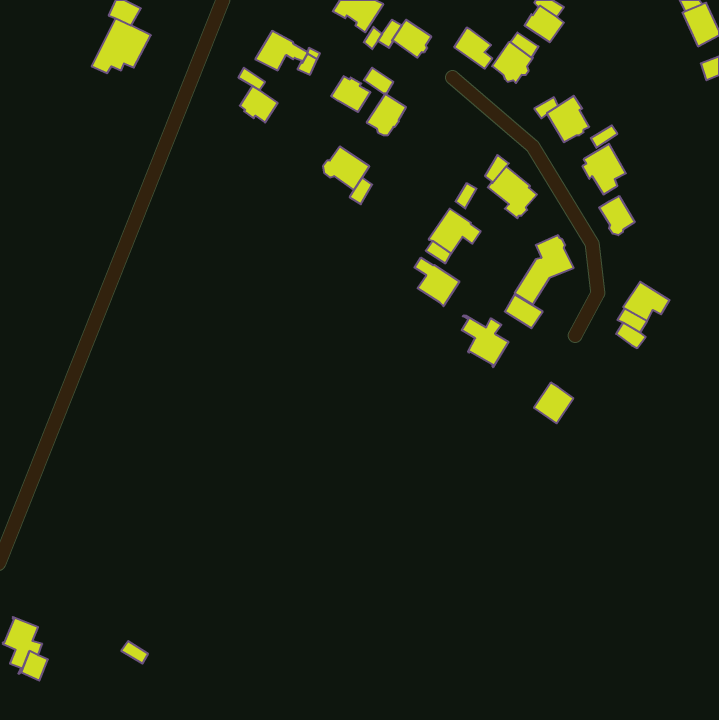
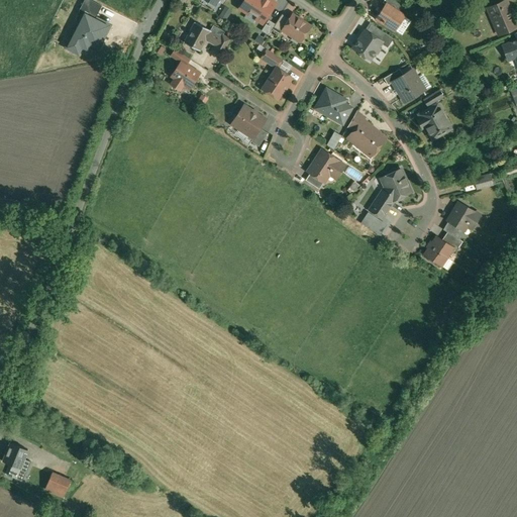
building: [454,27,492,69] -> none
building: [331,76,370,112] -> none
building: none -> [318,89,350,123]
building: [599,196,635,235] -> none
building: [414,258,459,306] -> none
building: [462,315,508,367] -> none
building: [534,383,573,423] -> [424,236,452,266]
building: none -> [44,474,72,498]

